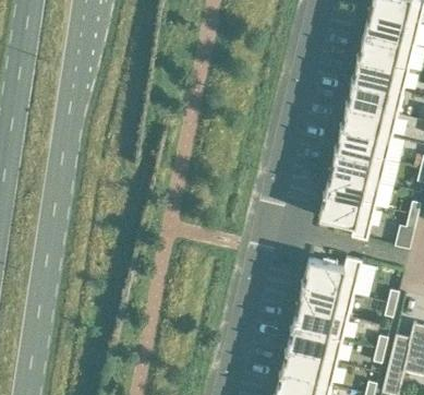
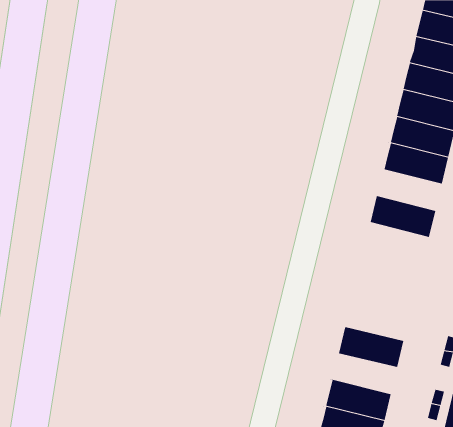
building: [330,147,387,183] -> none
building: [319,193,376,240] -> none
building: [302,256,377,297] -> none
building: [291,306,349,340] -> none

